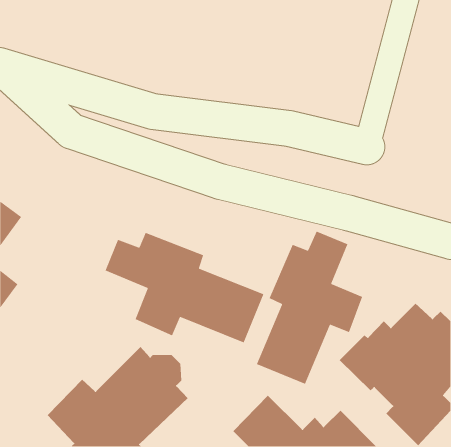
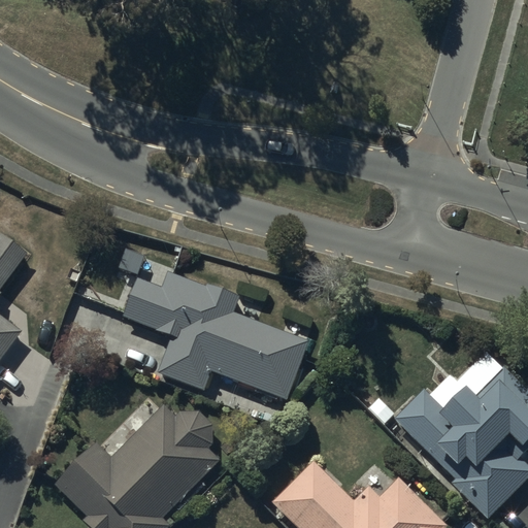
building: [256,231,363,385] -> none

